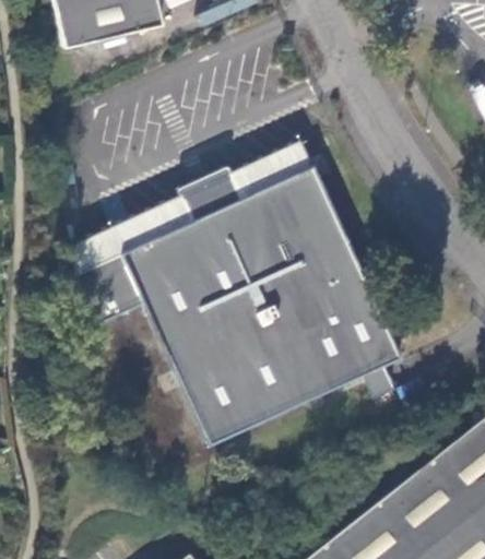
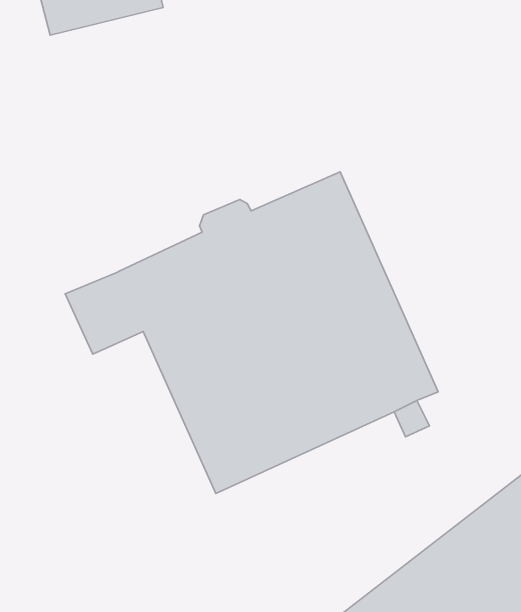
building: [76,140,316,272] -> none

